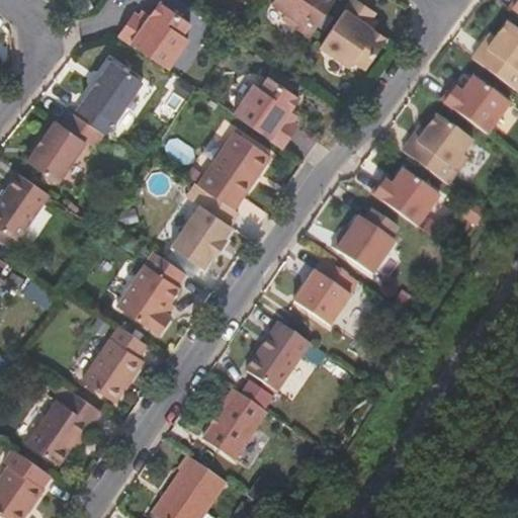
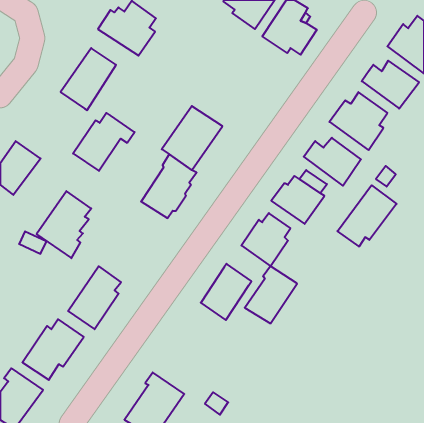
building: [233,74,299,146] -> none
building: [28,110,103,181] -> [73,113,135,171]
building: none -> [337,185,397,247]
building: [118,254,185,336] -> [37,191,91,258]
building: [201,388,265,458] -> [245,266,297,323]

